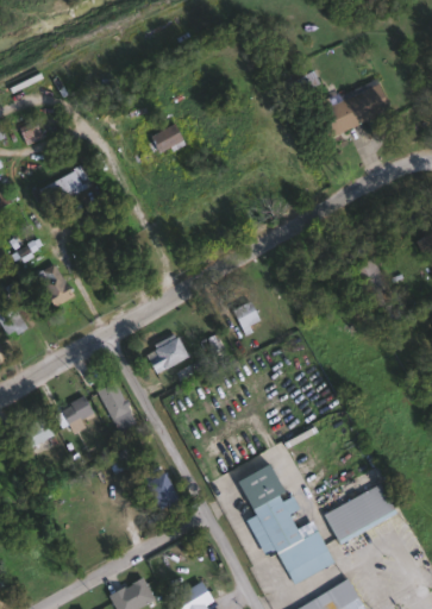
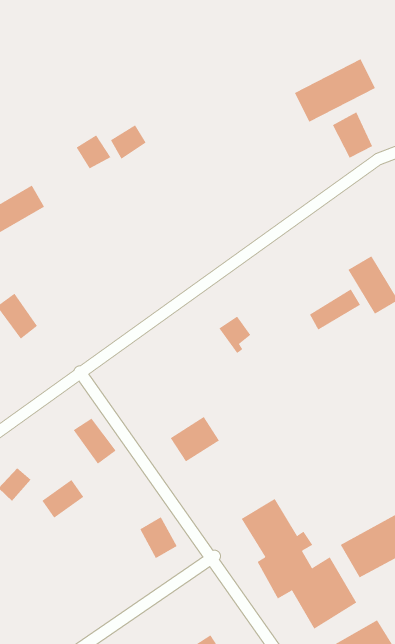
building: none -> [76,134,111,169]
building: none -> [332,112,373,158]
building: none -> [309,288,361,330]
building: [145,334,189,373] -> [170,416,220,462]
building: [57,396,95,429] -> [42,479,84,519]

